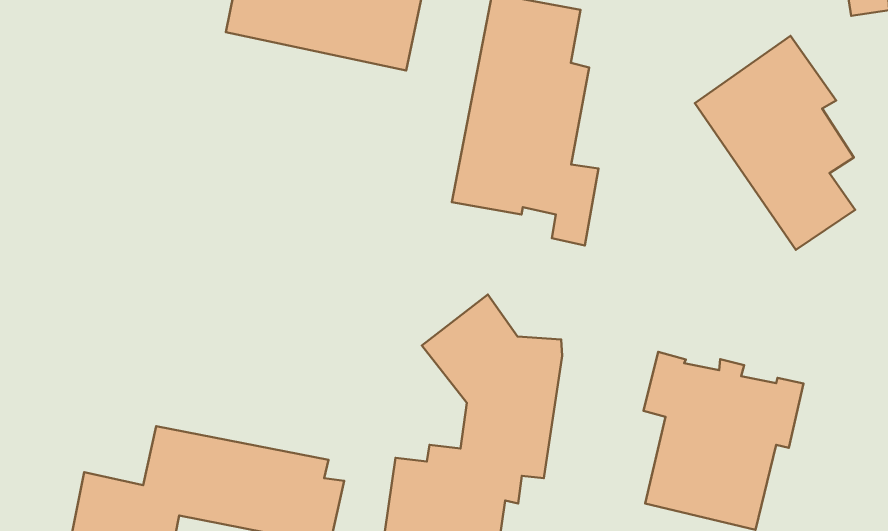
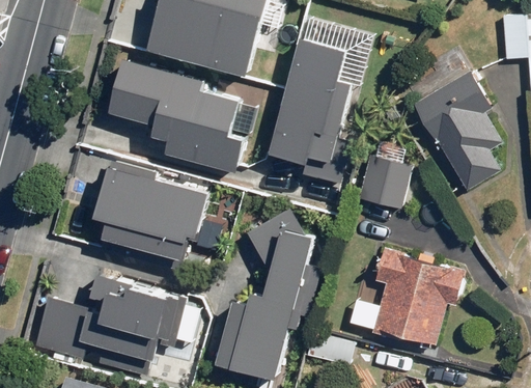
building: none -> [108,60,243,174]
building: none -> [358,156,410,207]
building: none -> [92,163,212,262]

